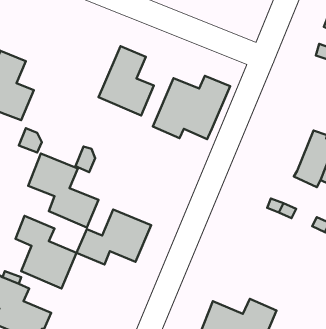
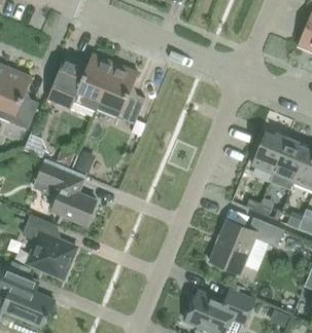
building: [153,76,230,139] -> [46,53,115,110]
building: none -> [251,131,287,174]
building: [77,209,151,265] -> none
building: none -> [209,217,283,273]

